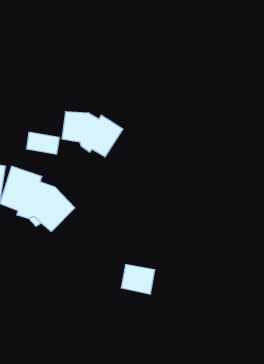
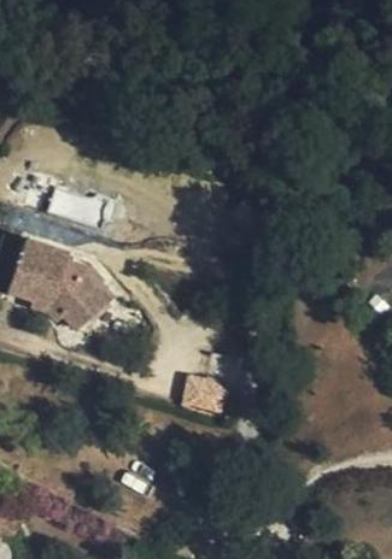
building: [62,111,123,157] -> none

